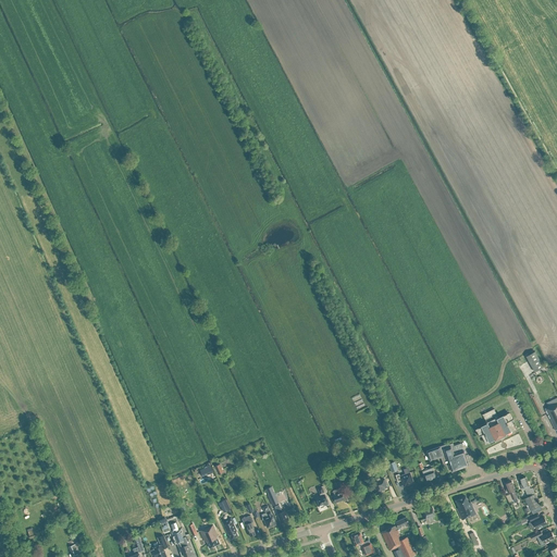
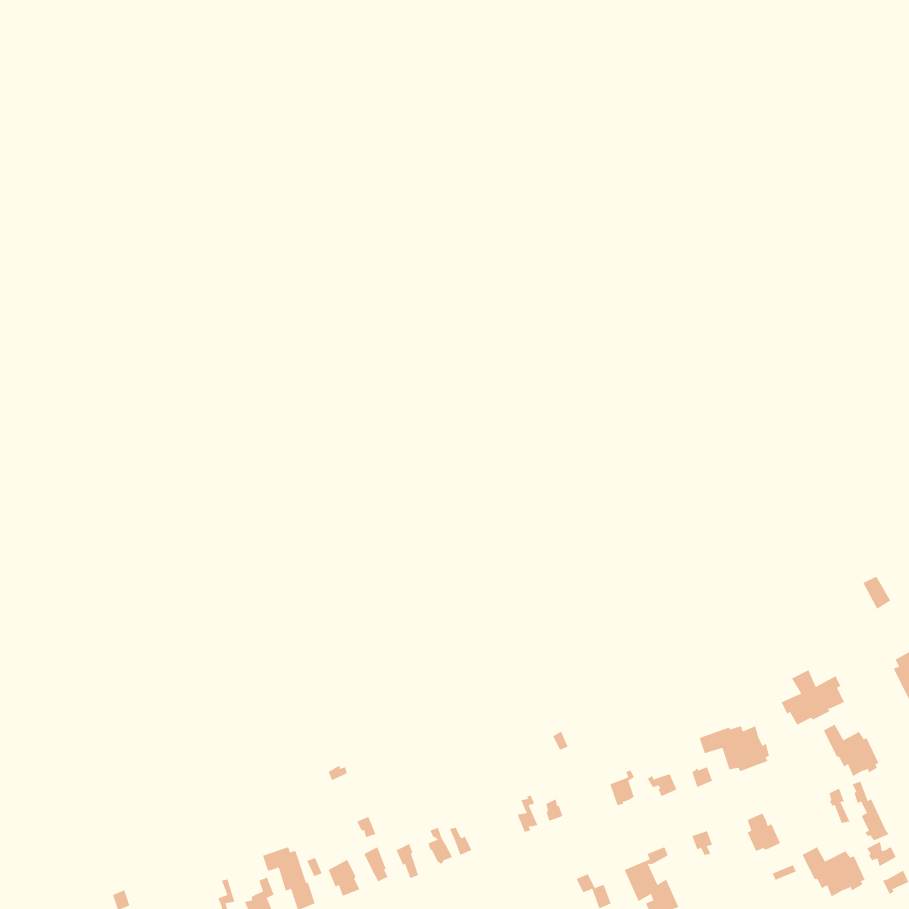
building: none -> [823,724,879,777]
building: none -> [802,847,866,897]

